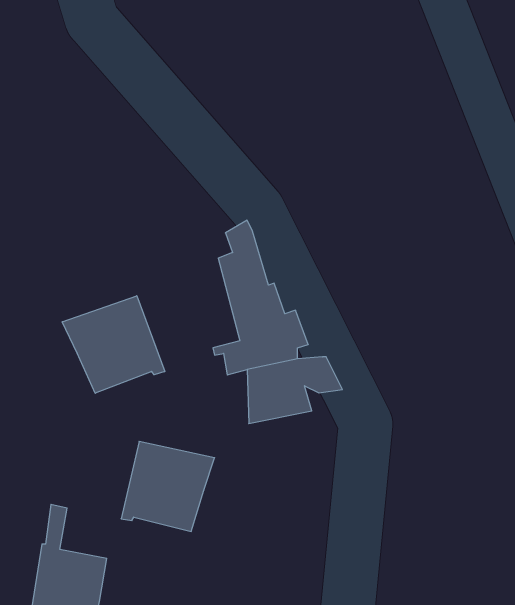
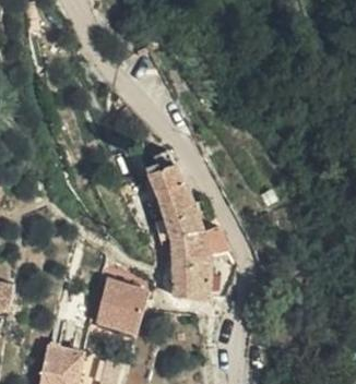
building: [62,296,165,393] -> none
building: none -> [170,260,210,297]

